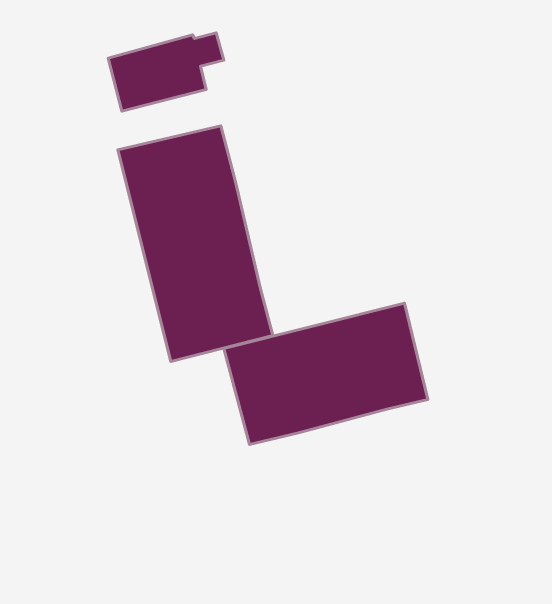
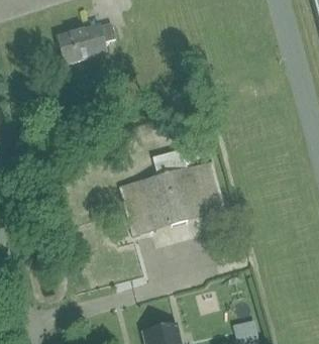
building: [118,126,273,362] -> none

